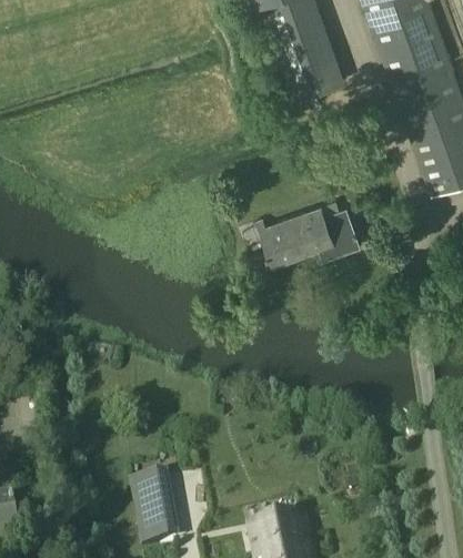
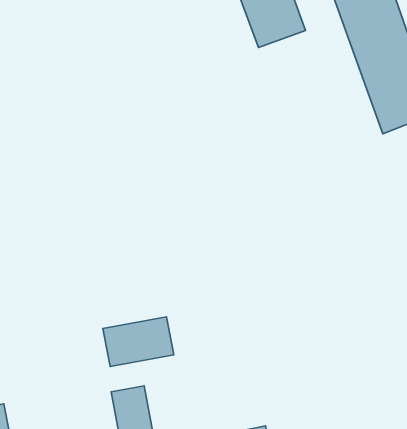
building: [256,200,359,266] -> none
building: none -> [103,317,174,367]

